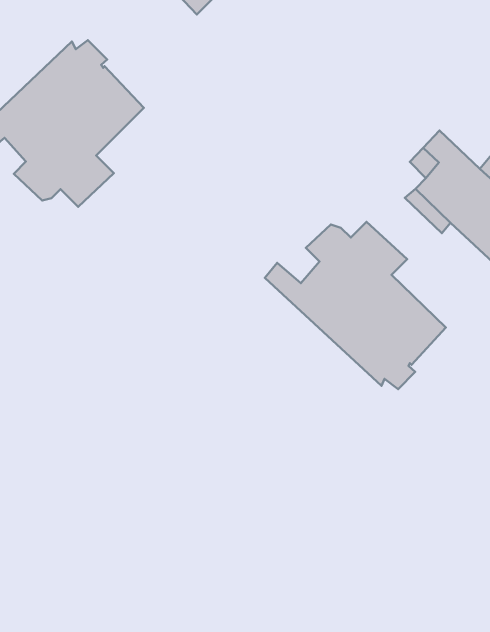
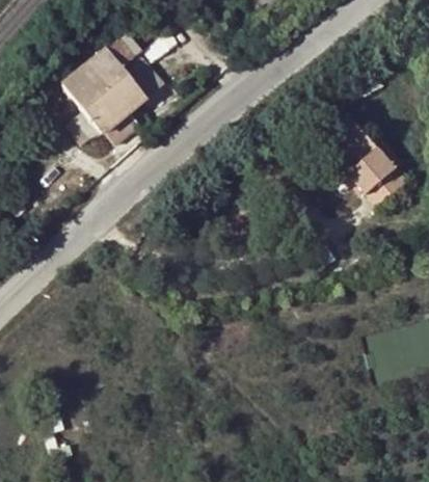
building: [265,222,446,389] -> none

